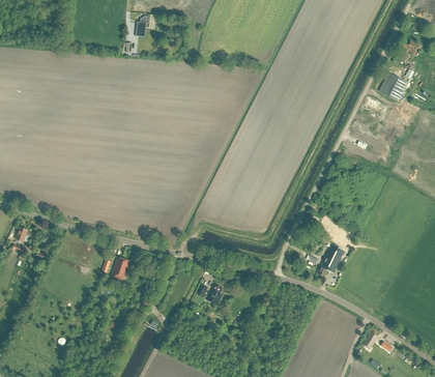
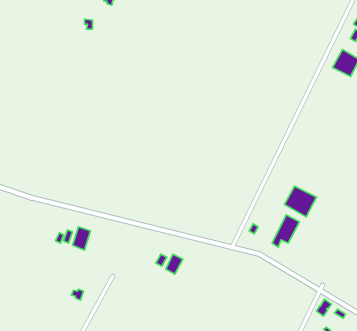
building: none -> [284,186,317,217]

